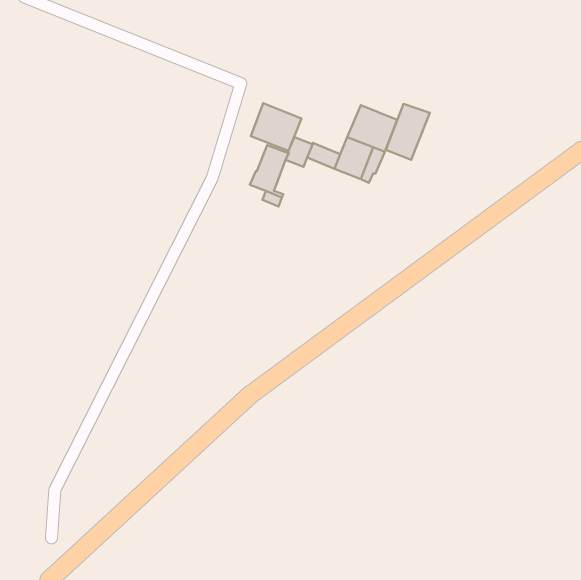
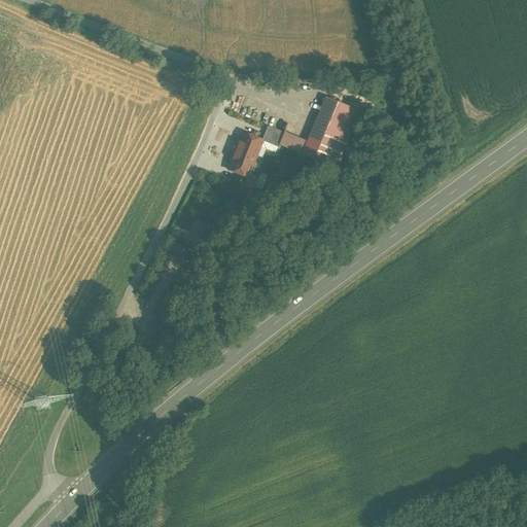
building: [251,103,302,151] -> none
building: [386,104,430,160] -> none

